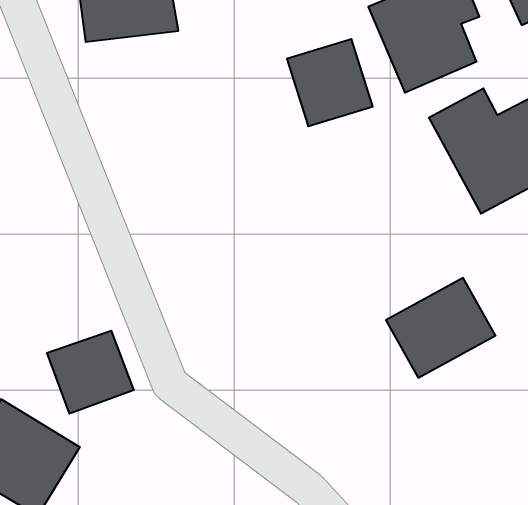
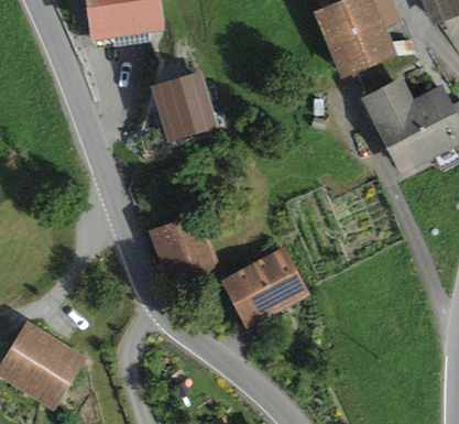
building: [287,39,373,126] -> [155,69,222,138]
building: [386,278,496,378] -> [223,244,309,323]
building: [47,331,134,414] -> [150,214,218,279]

